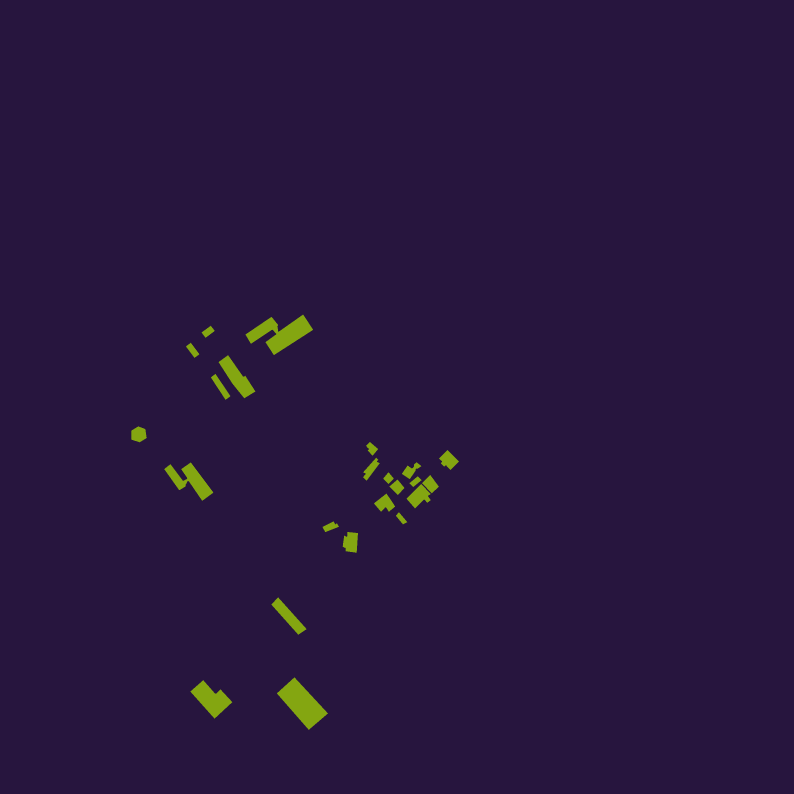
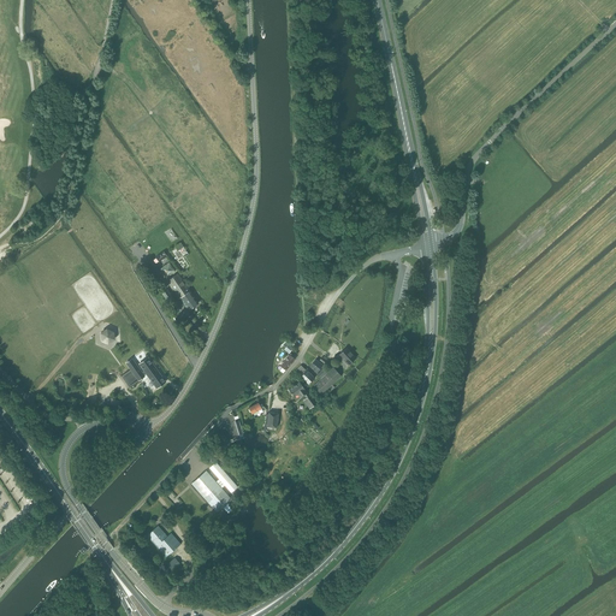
building: [244,314,314,356] -> none
building: [276,676,329,731] -> [191,470,232,513]

